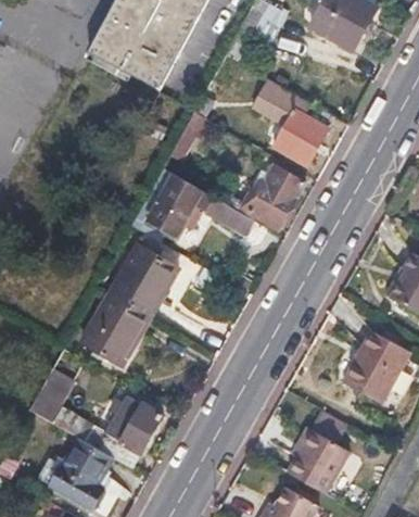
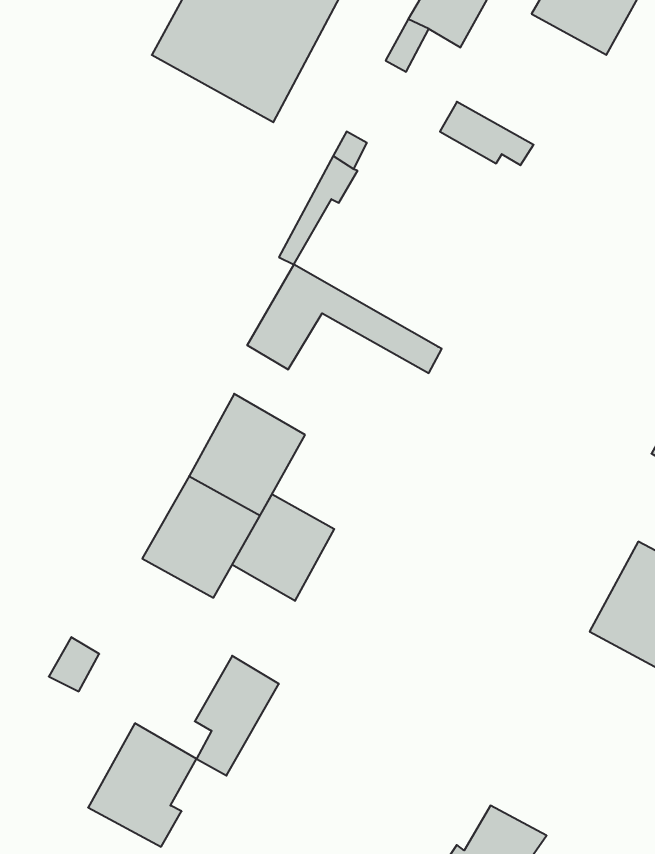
building: [270,103,333,165] -> none
building: [225,166,304,227] -> none
building: none -> [232,494,334,601]
building: [289,431,346,491] -> none

